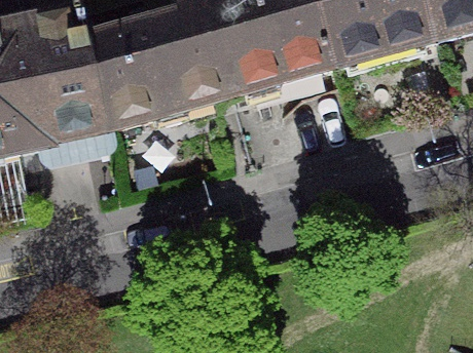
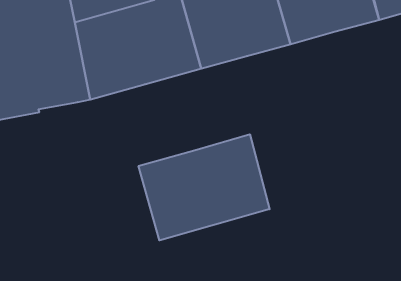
building: none -> [139,134,270,240]

